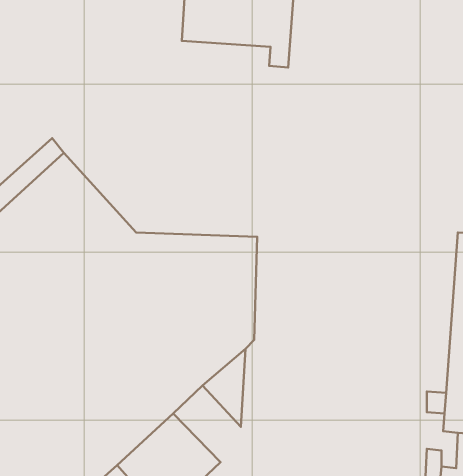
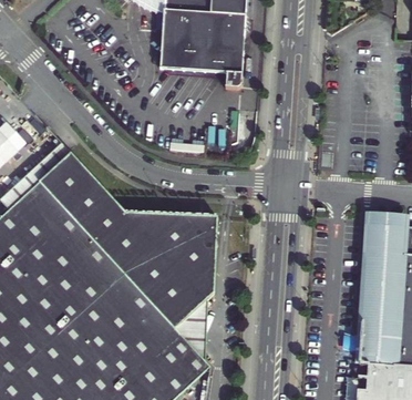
building: none -> [154,328,210,386]

